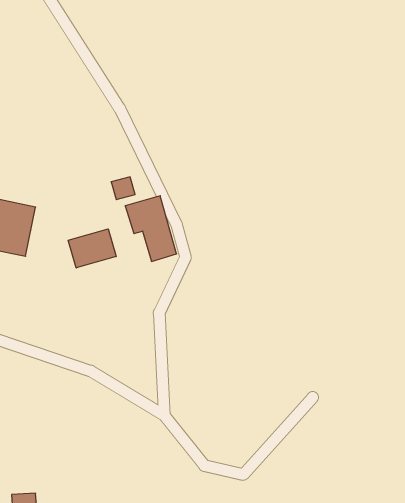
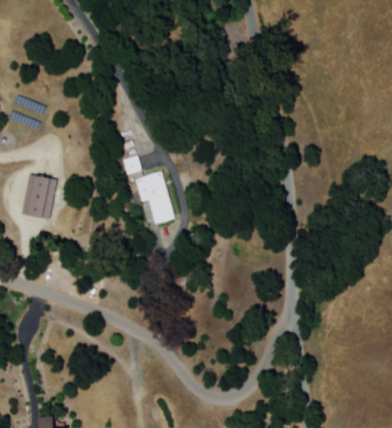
building: [68,229,116,268] -> none

